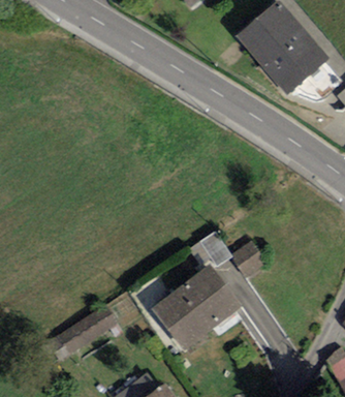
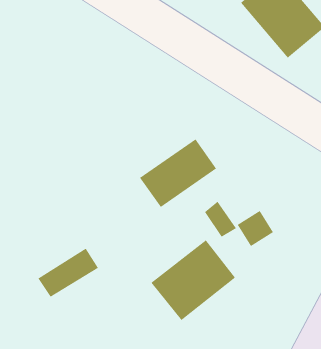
building: none -> [139,139,217,208]
building: [61,304,121,353] -> [38,248,99,297]

